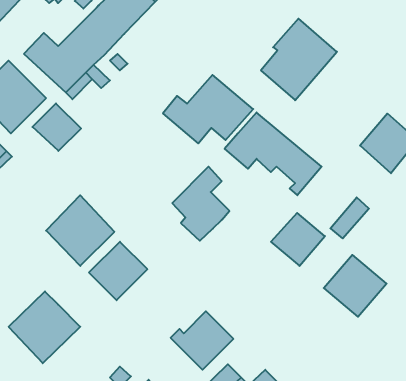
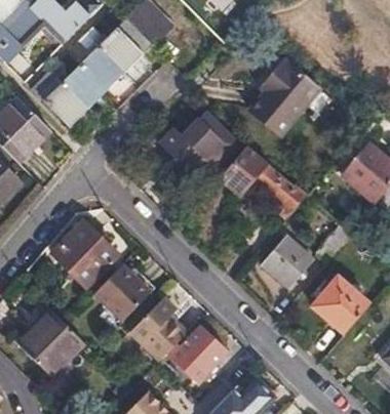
building: [32,103,81,151] -> none
building: [172,167,229,241] -> [129,295,183,364]

